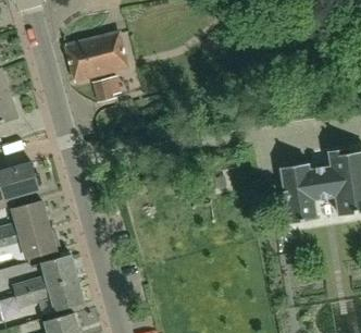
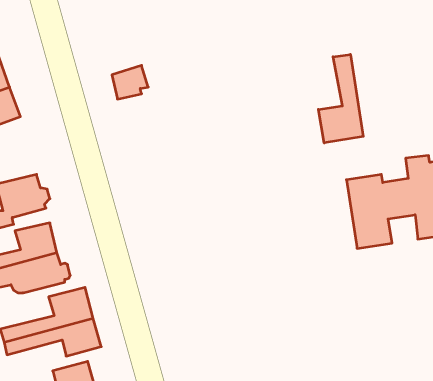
building: [65,30,127,79] -> none
building: none -> [318,54,363,143]

